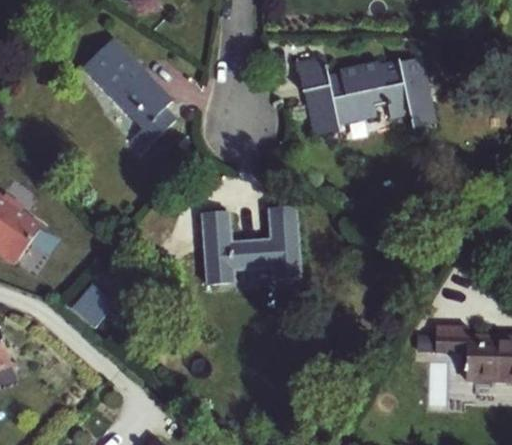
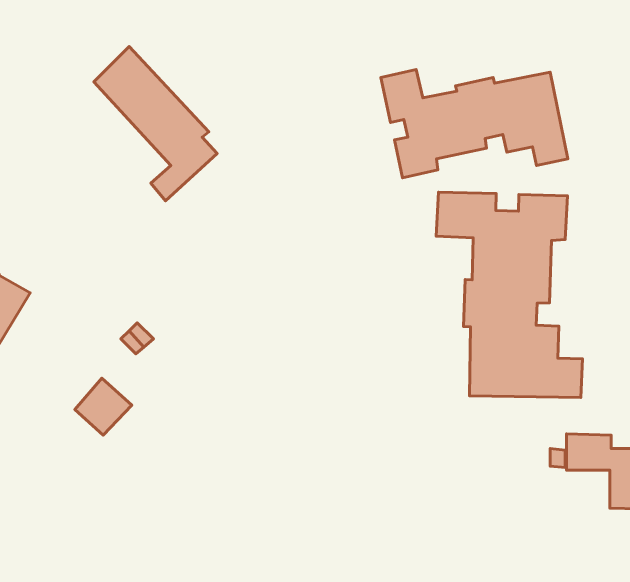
building: none -> [436,192,582,398]
building: [200,206,302,283] -> none

